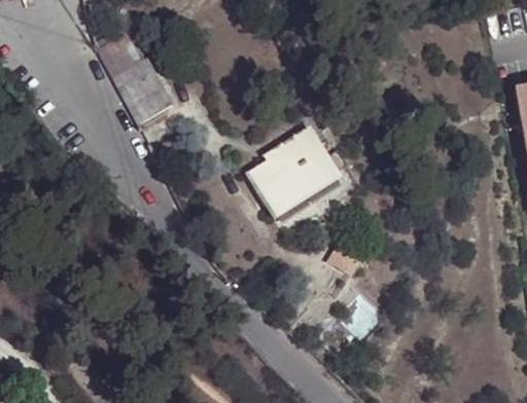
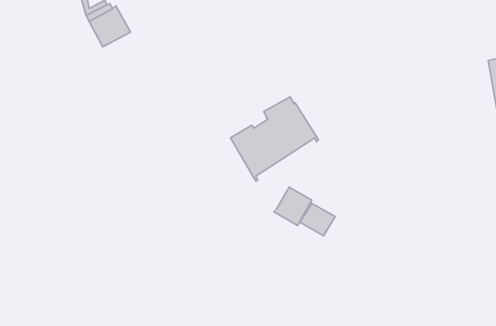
building: [113,61,169,123] -> none
building: none -> [274,187,312,226]

